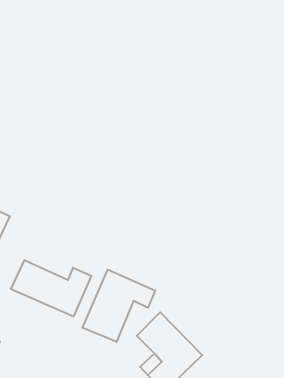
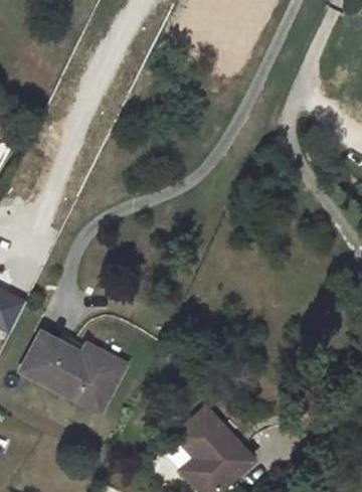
building: [82,270,155,342] -> none

